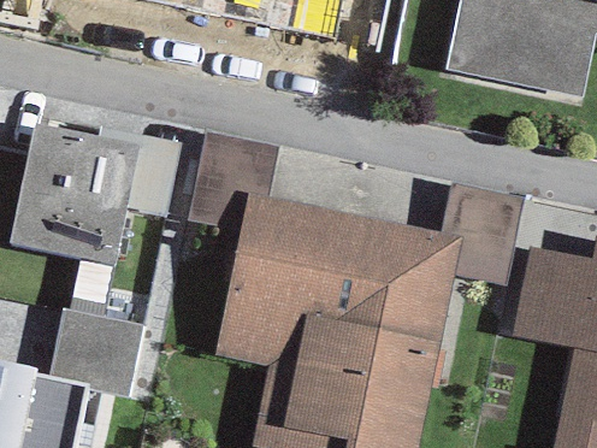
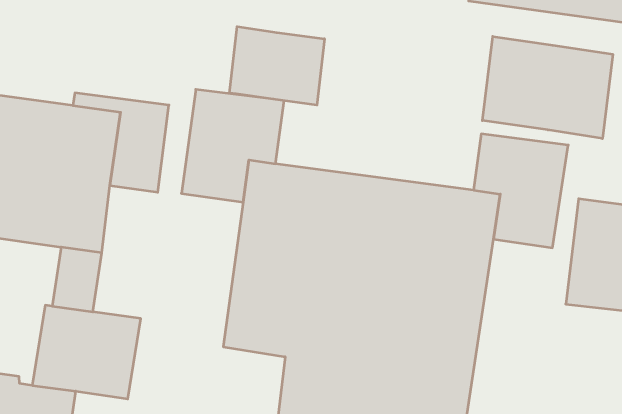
building: none -> [230,27,324,105]
building: none -> [482,36,613,139]

